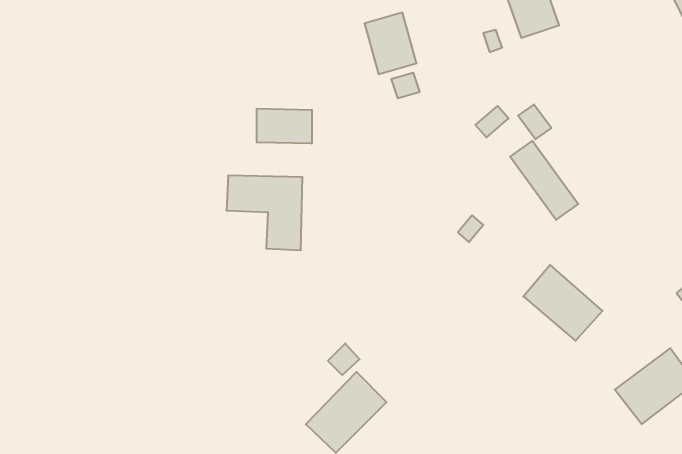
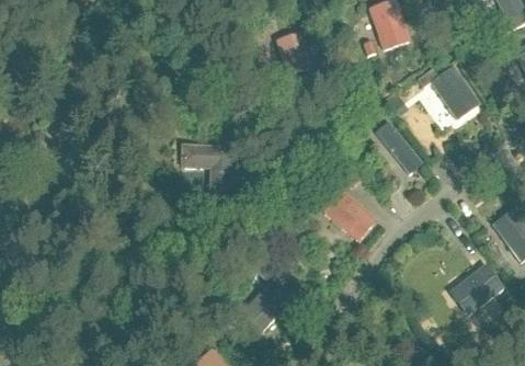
building: none -> [426,67,475,119]
building: [257,109,312,144] -> none
building: [523,265,603,341] -> [322,188,377,241]

